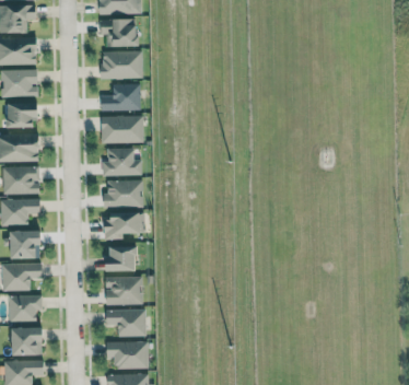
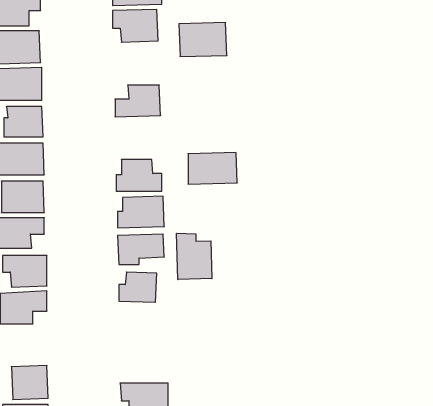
building: [102,50,143,80] -> [179,23,227,57]
building: [102,116,144,143] -> [188,153,237,184]
building: none -> [177,233,212,280]
building: [106,277,142,305] -> none
building: [9,295,43,323] -> none
building: [106,310,147,337] -> none

